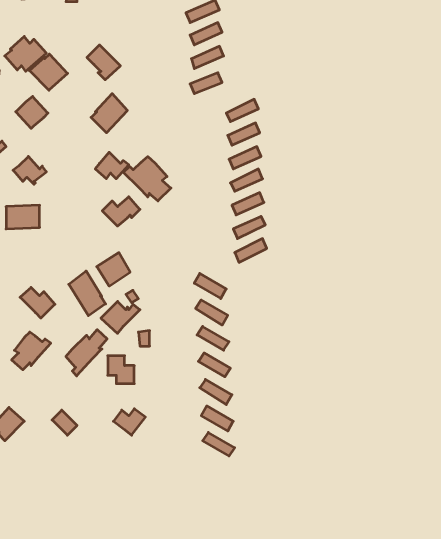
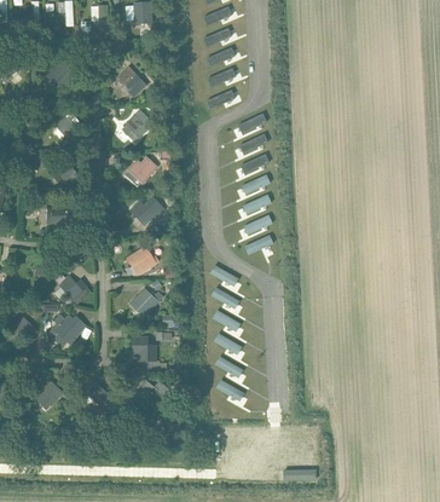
building: [29,54,68,90] -> none
building: [123,157,171,201] -> none
building: [69,271,106,316] -> none
building: [66,330,107,376] -> none

